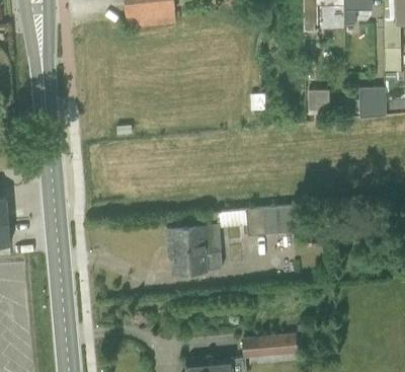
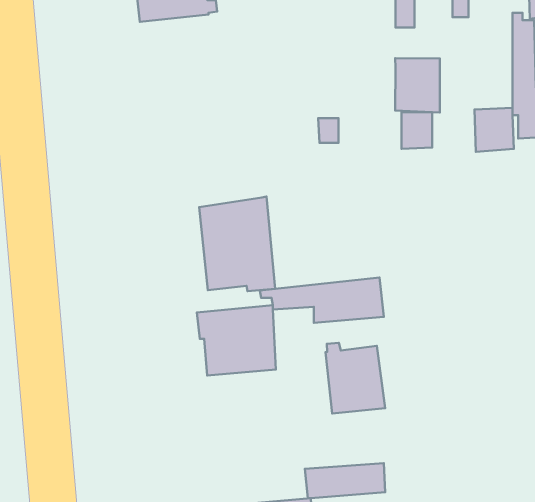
building: none -> [395,58,440,113]
building: none -> [199,197,275,291]
building: none -> [326,343,385,413]

